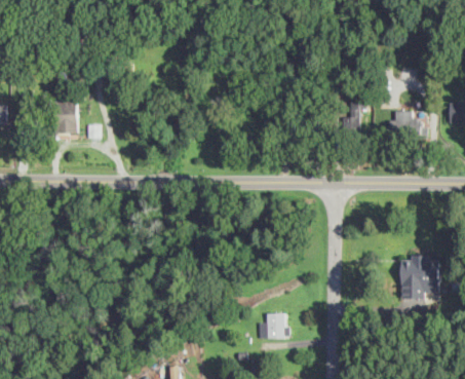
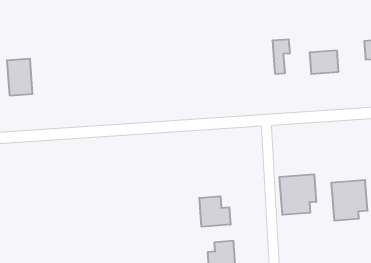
building: none -> [280,174,316,215]
building: none -> [199,196,231,227]

